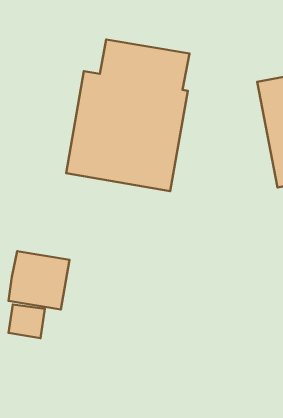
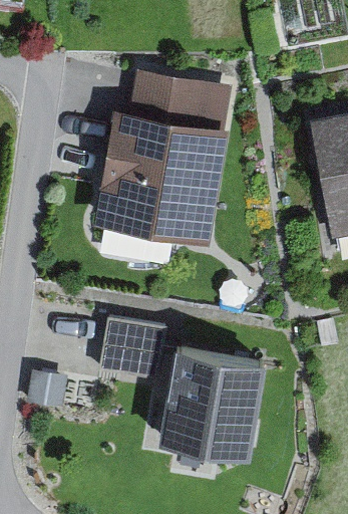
building: [8,251,70,310] -> [98,319,167,386]
building: none -> [158,351,266,462]

